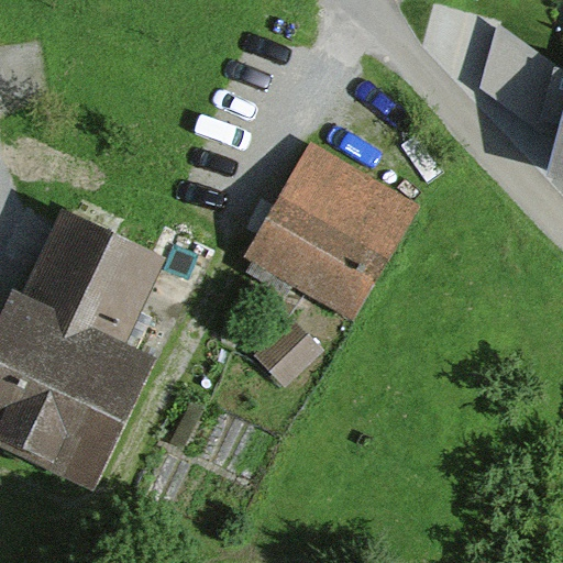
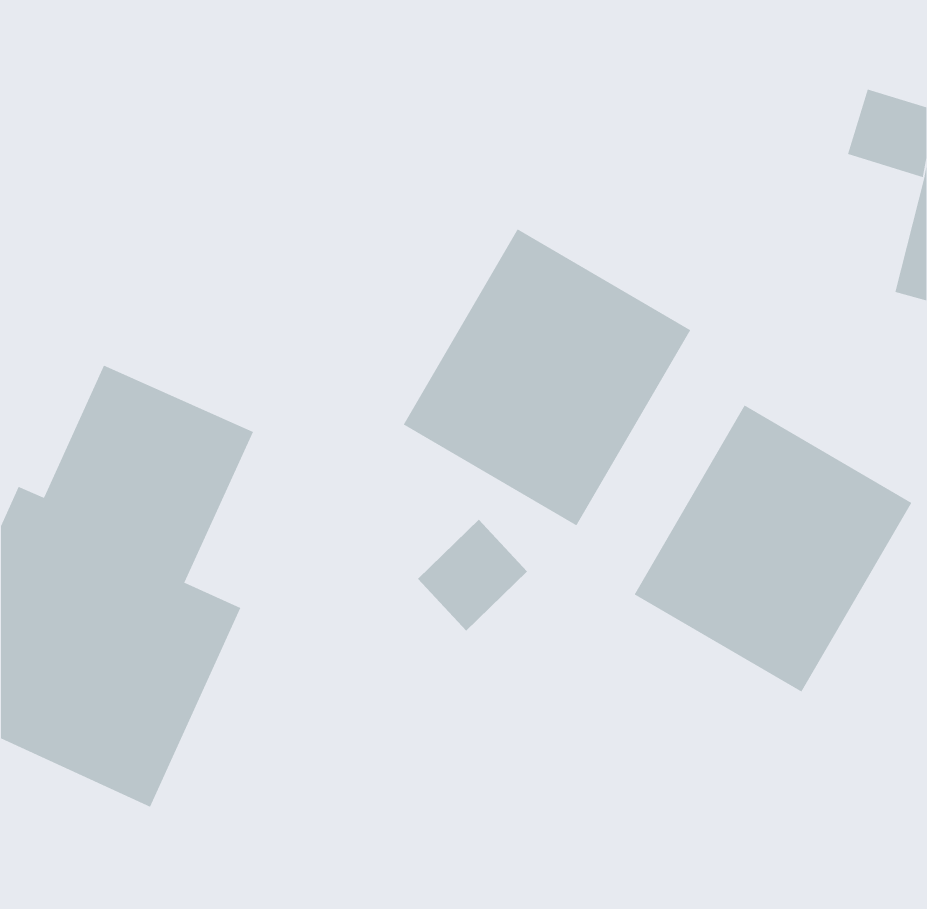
building: none -> [634,405,912,693]

